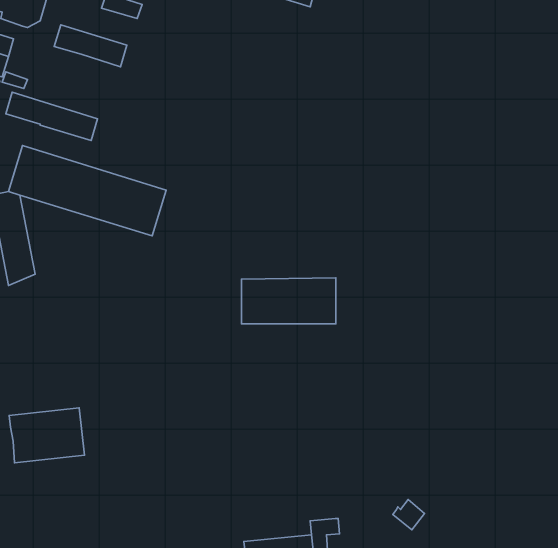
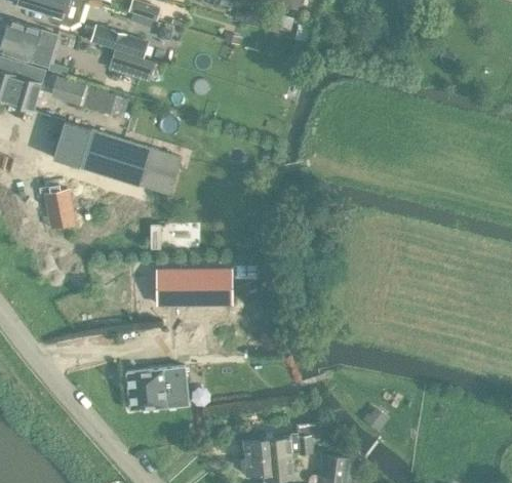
building: none -> [107,48,154,80]
building: [242,278,336,324] -> [156,269,232,306]
building: [9,408,84,463] -> [125,366,186,410]

